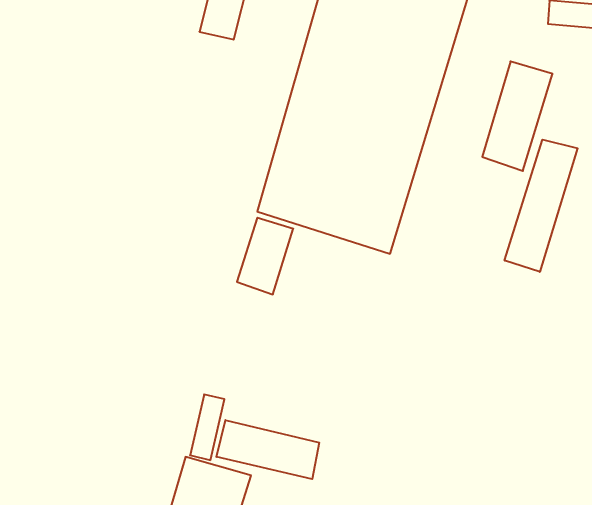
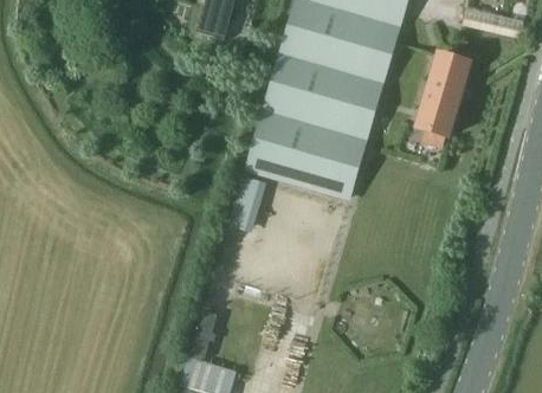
building: [505,140,578,272] -> none
building: [216,420,319,479] -> none

